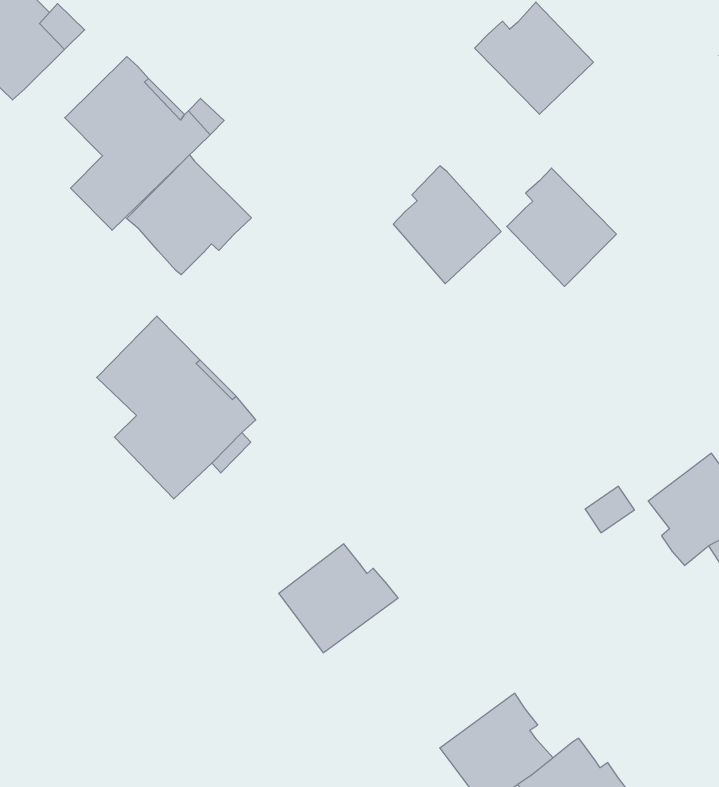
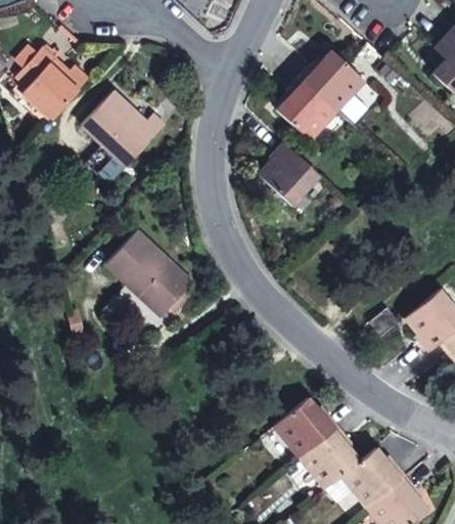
building: [126,155,251,275] -> none
building: [507,168,616,286] -> [277,77,336,140]
building: [279,544,398,653] -> [275,396,339,455]

